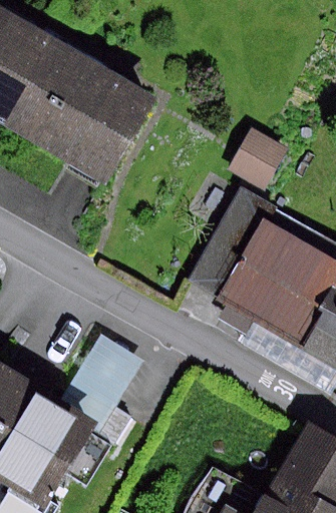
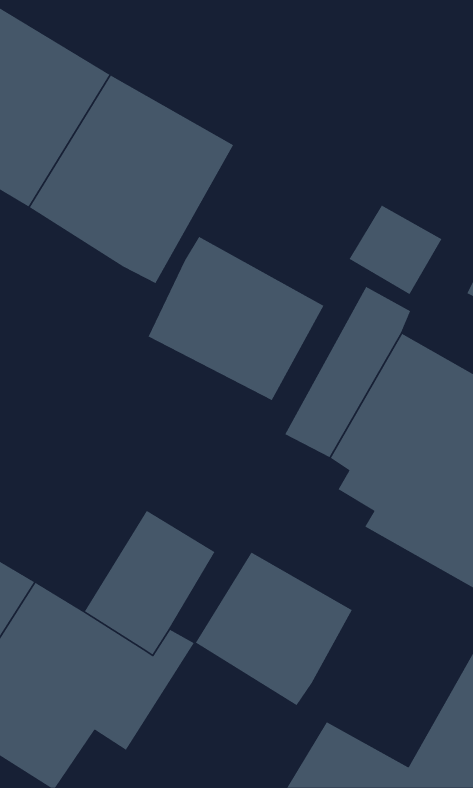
building: none -> [147,236,325,401]
building: none -> [195,552,353,706]

